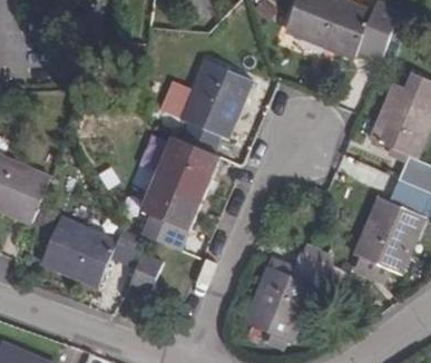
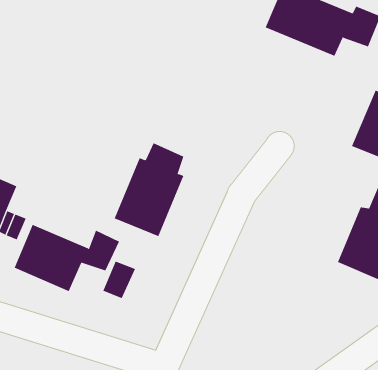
building: [178,62,247,153] -> none
building: [243,253,335,335] -> none

